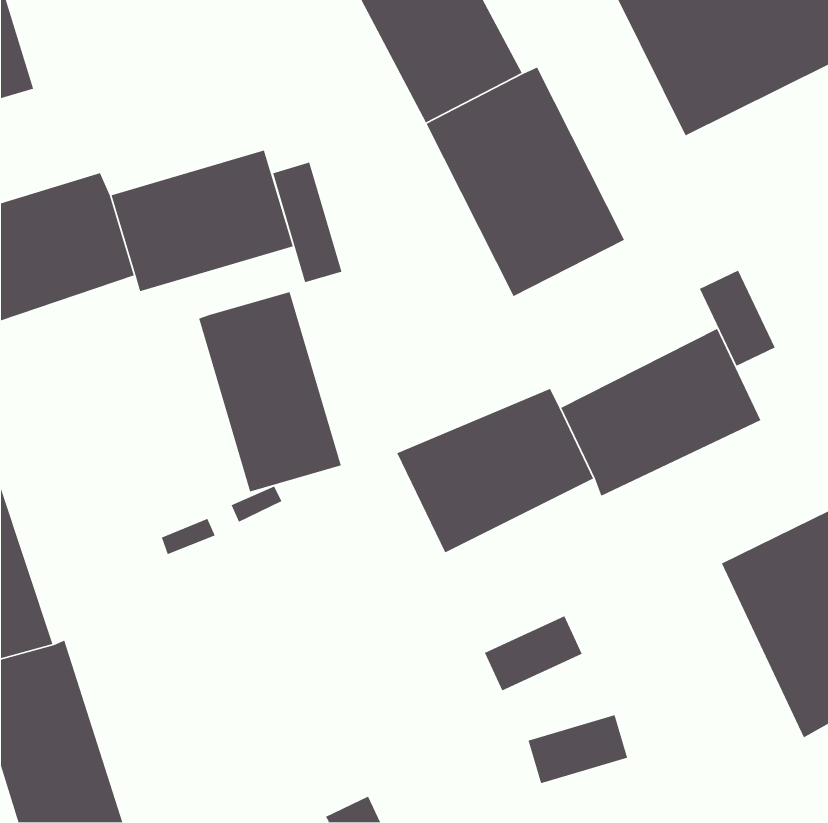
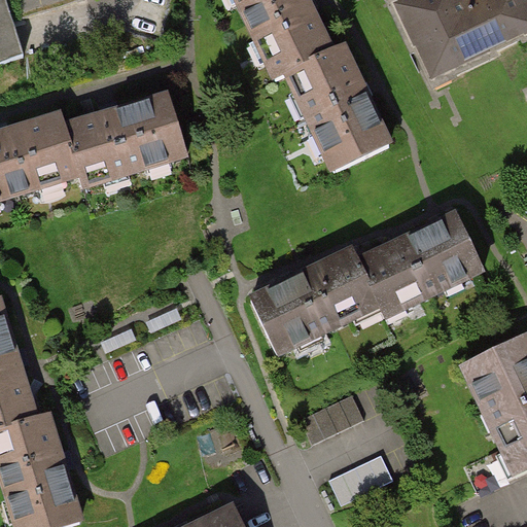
building: [272,162,342,283] -> none
building: [699,270,776,367] -> none
building: [198,291,342,493] -> none

